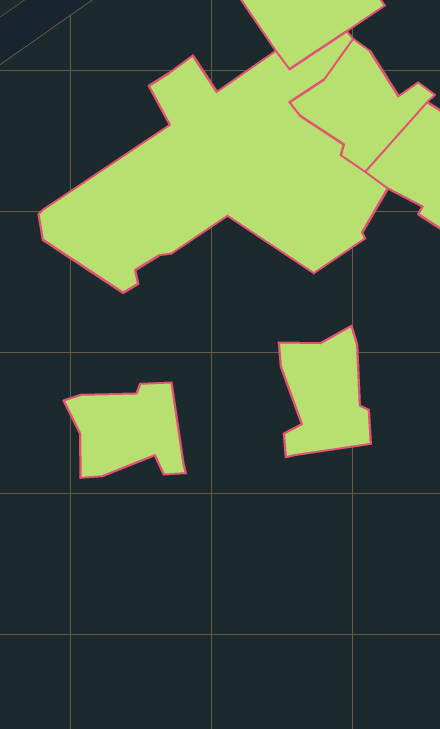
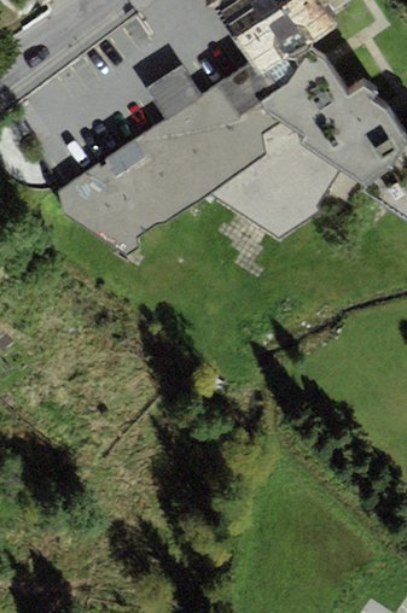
building: [279,326,371,457] -> none
building: [63,382,186,478] -> none

